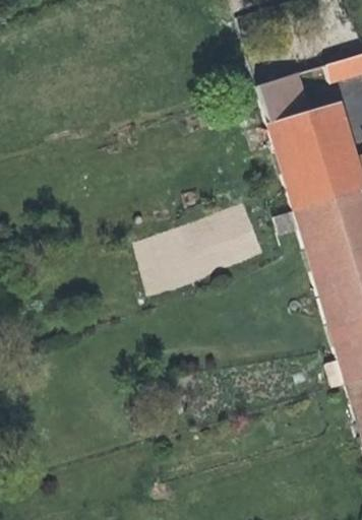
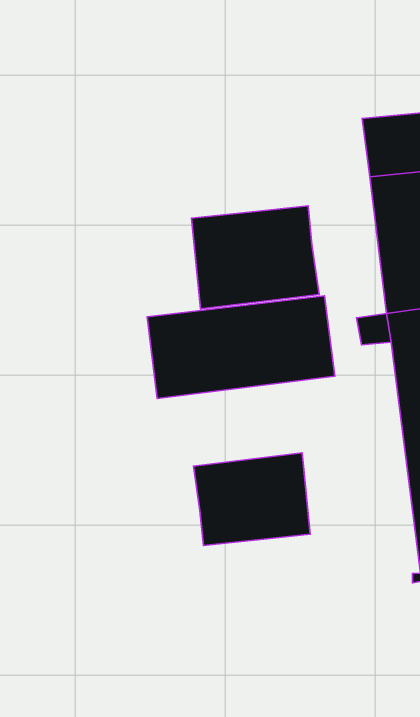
building: none -> [191,206,319,309]
building: none -> [193,453,310,546]

